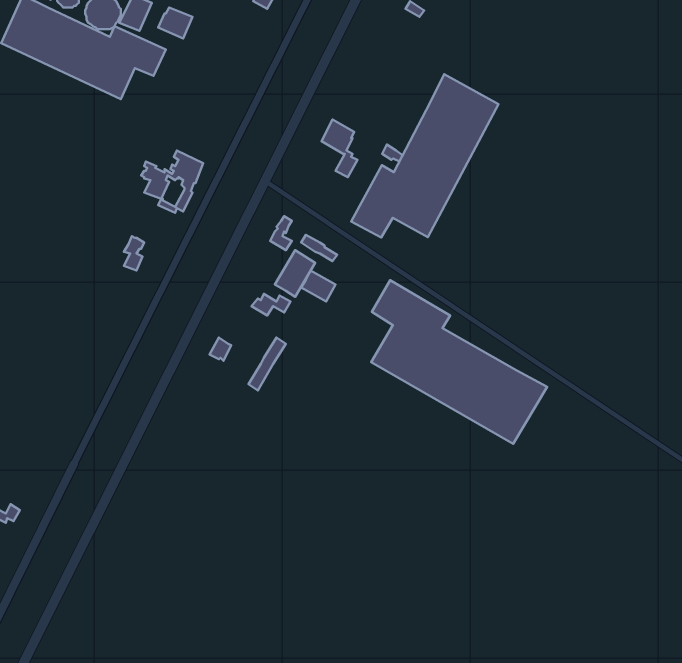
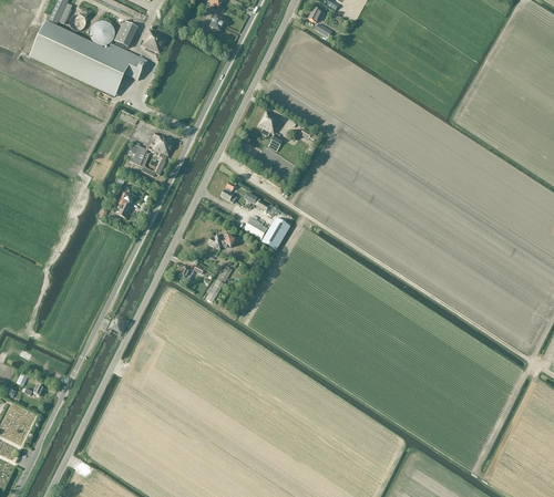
building: [351,74,499,238] -> none
building: [275,250,315,297] -> [260,217,289,250]
building: [371,280,547,444] -> none

